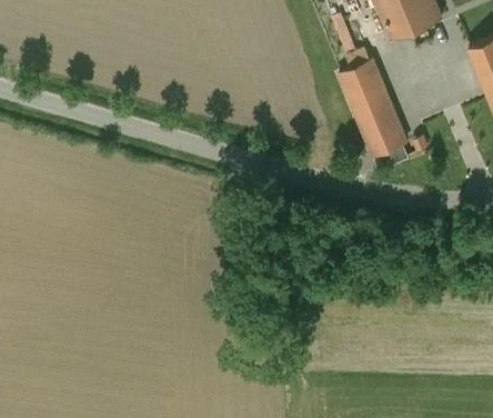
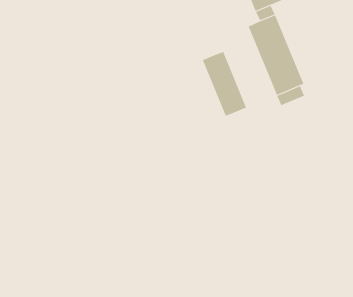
building: none -> [202,51,247,116]

